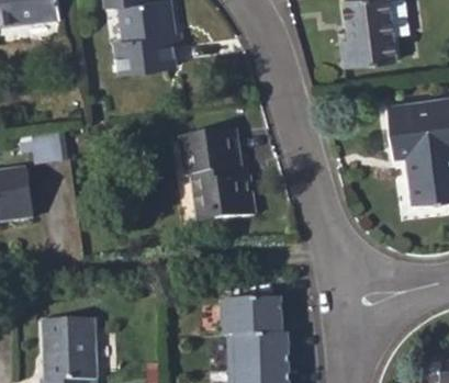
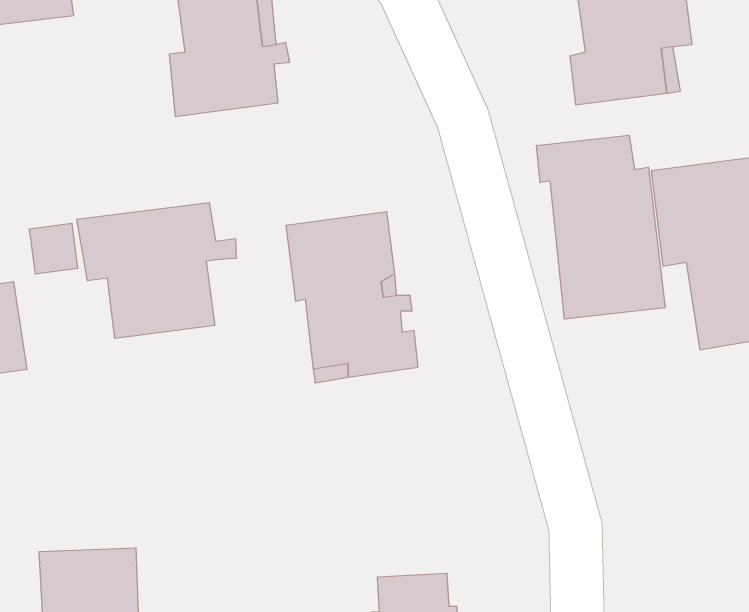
building: none -> [537,135,665,319]
building: none -> [77,203,236,338]
building: [231,305,271,335] -> none

